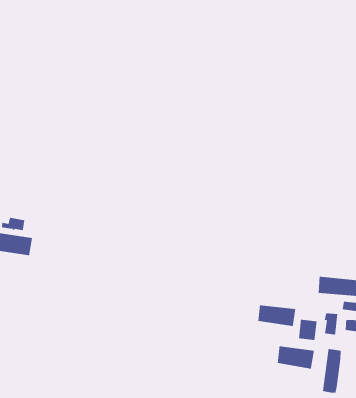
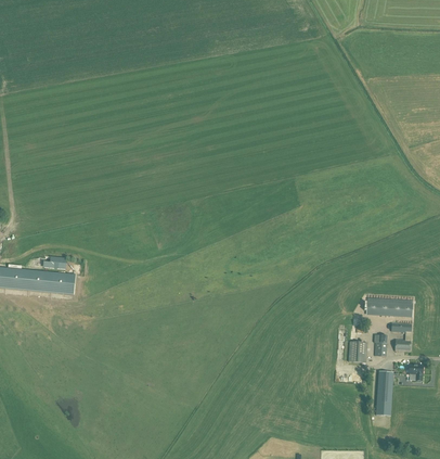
building: [258,305,296,327] -> none
building: [277,346,314,369] -> none

